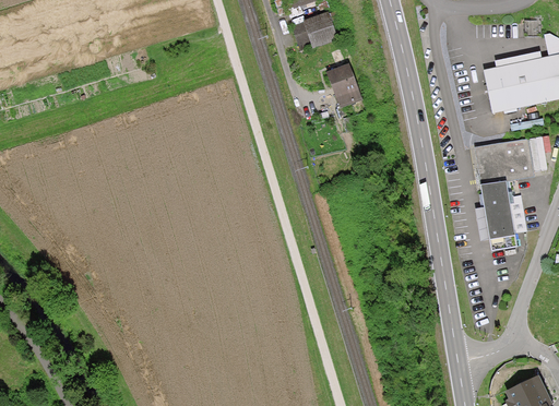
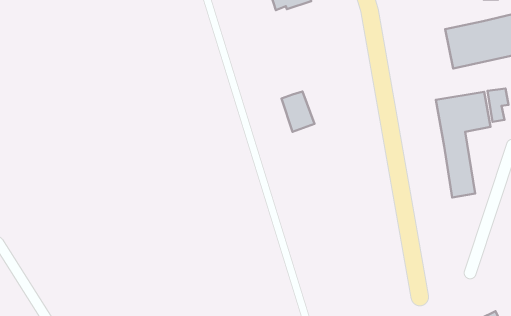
building: [328,64,364,108] -> [281,91,315,132]

